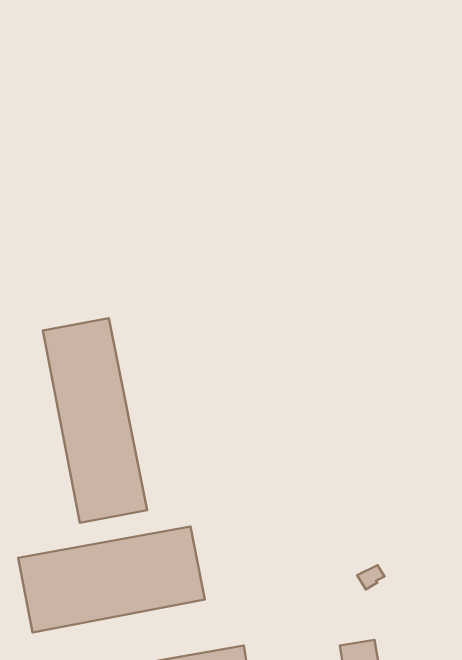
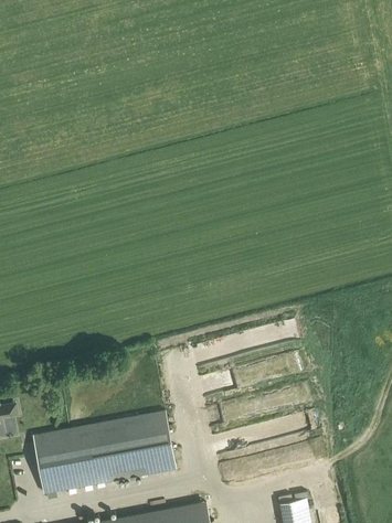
building: [43,318,147,523] -> none

